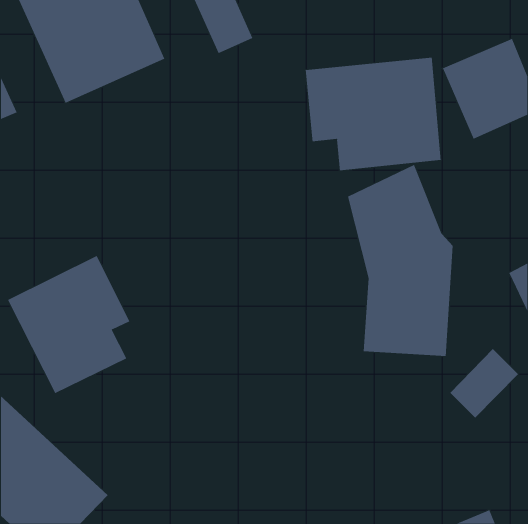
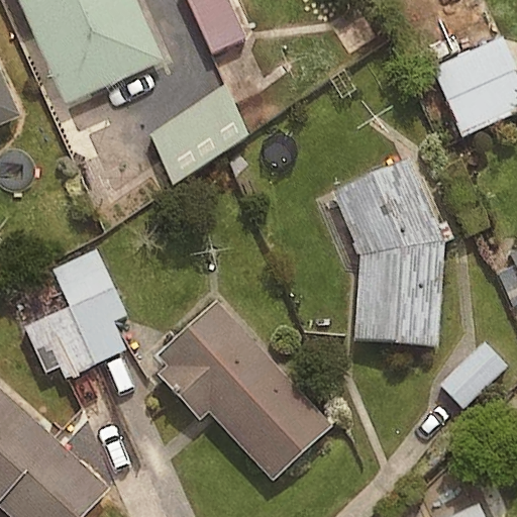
building: [305,57,441,171] -> none
building: none -> [148,90,255,184]
building: none -> [152,294,330,476]

